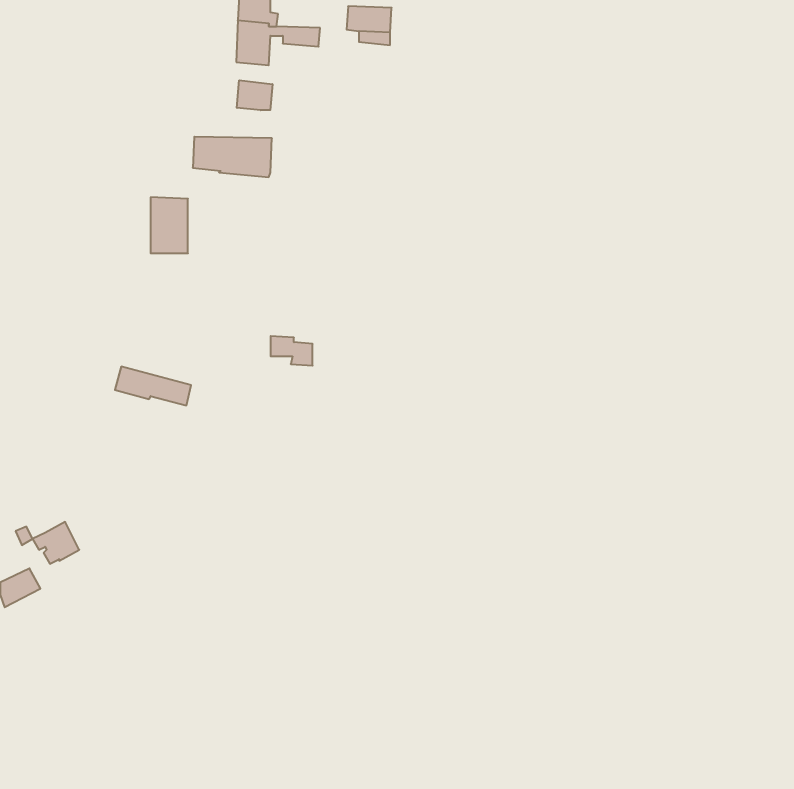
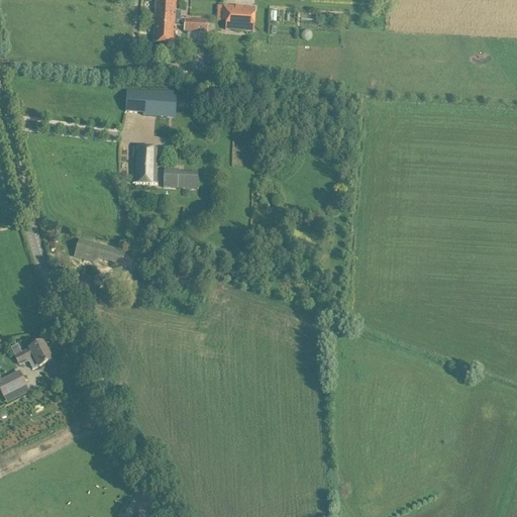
building: [237,80,272,110] -> none
building: [151,197,188,253] -> [132,144,157,181]
building: [271,336,313,366] -> [164,167,191,186]

